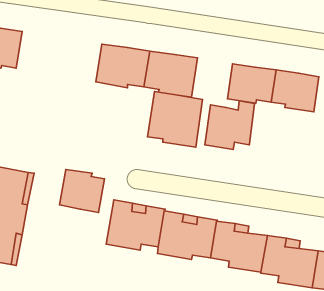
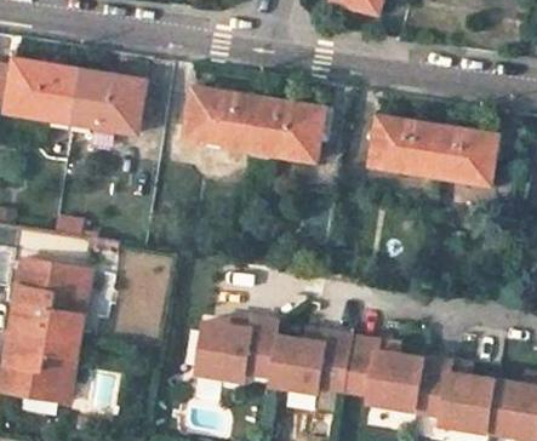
building: none -> [68,70,144,136]
building: [148,91,203,147] -> none
building: [205,101,255,150] -> none
building: [59,169,104,213] -> none

